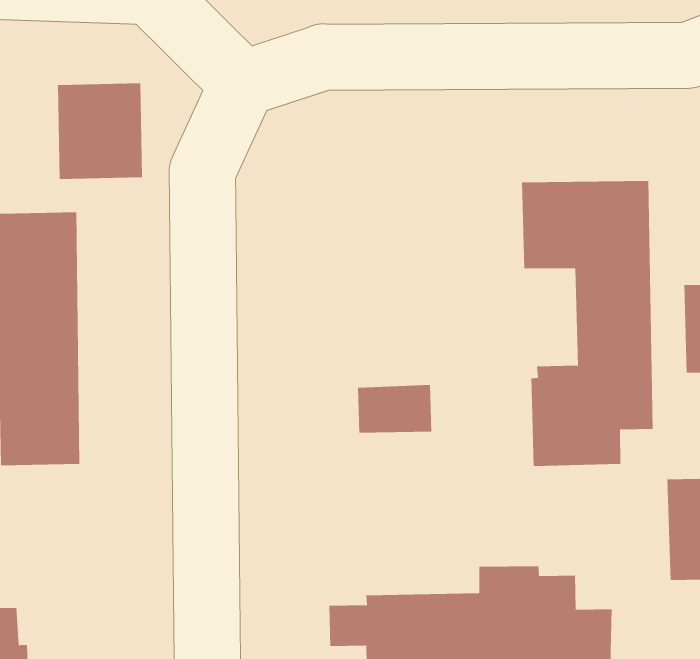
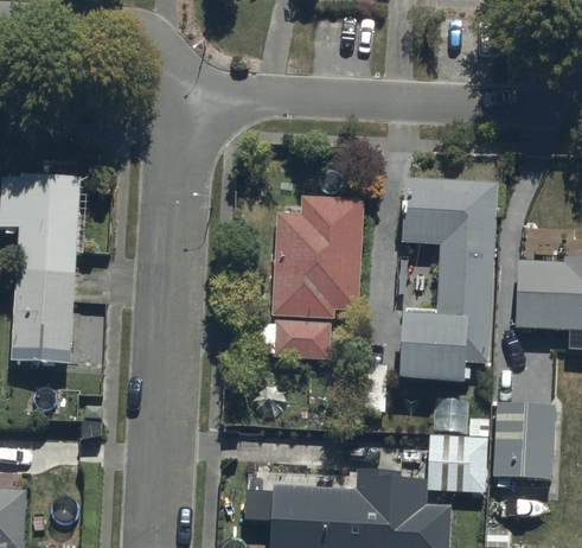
building: [58,83,142,180] -> none
building: none -> [271,200,362,320]
building: none -> [427,425,487,483]

